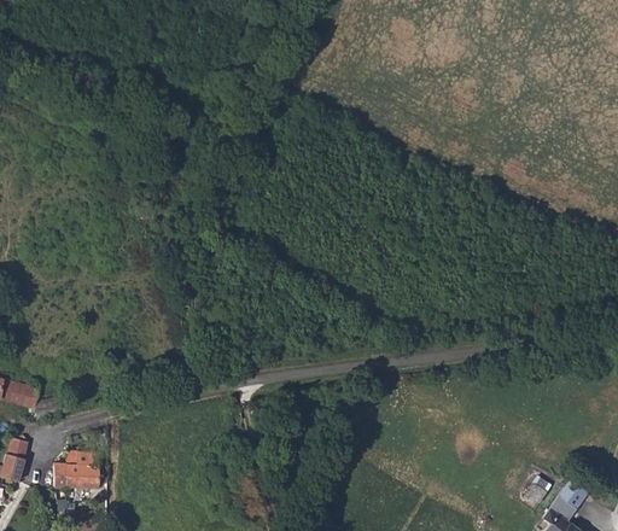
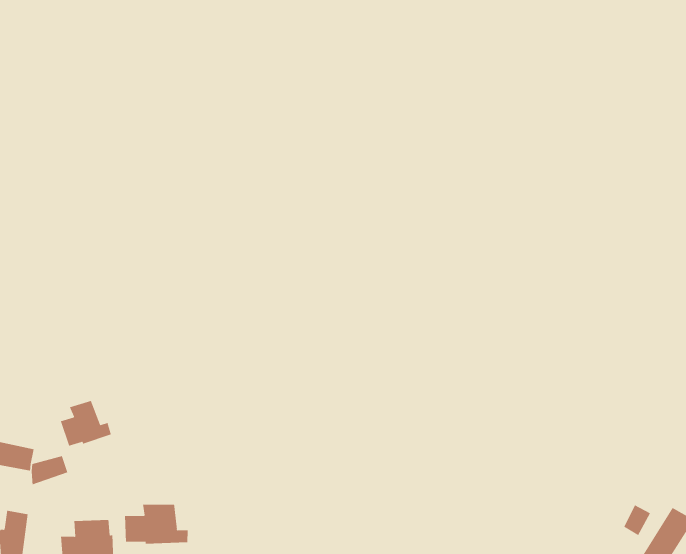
building: none -> [60,400,111,446]
building: none -> [125,504,188,544]

